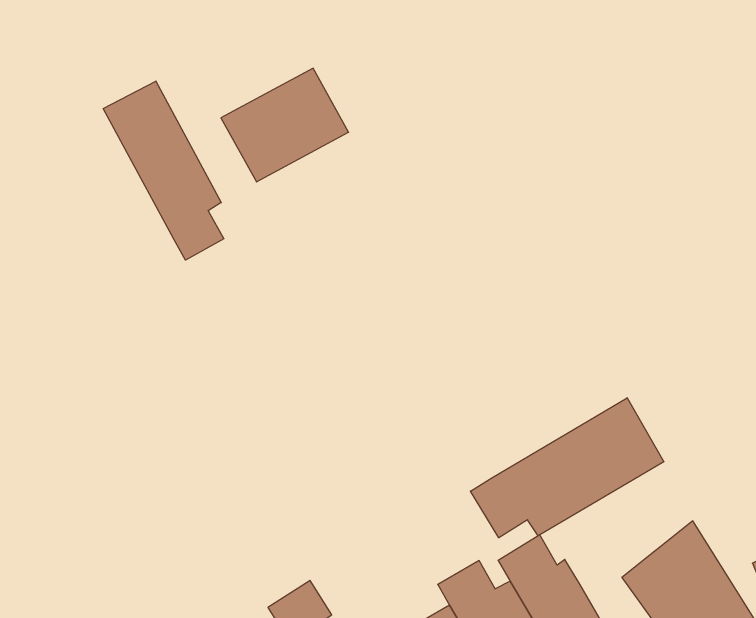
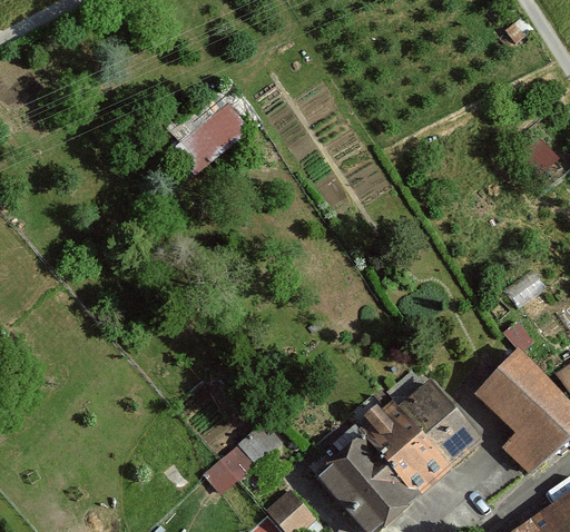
building: [103,81,224,260] -> none
building: [470,398,664,538] -> none

